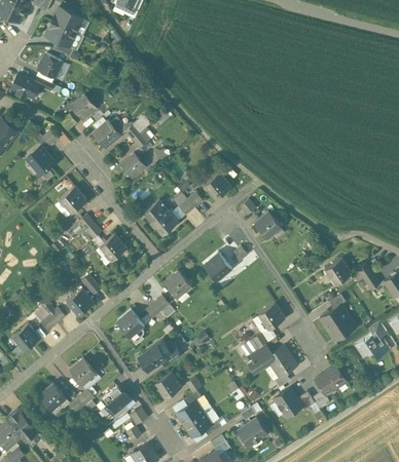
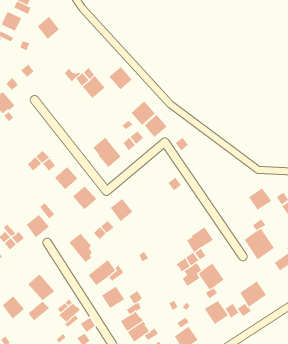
building: [69,93,96,121] -> [37,16,60,40]
building: [93,121,119,149] -> none
building: [118,152,146,180] -> [109,66,133,90]
building: none -> [131,101,156,126]
building: [59,186,86,214] -> none
building: [253,210,280,238] -> none
building: [203,253,230,280] -> none
building: none -> [72,186,97,210]

